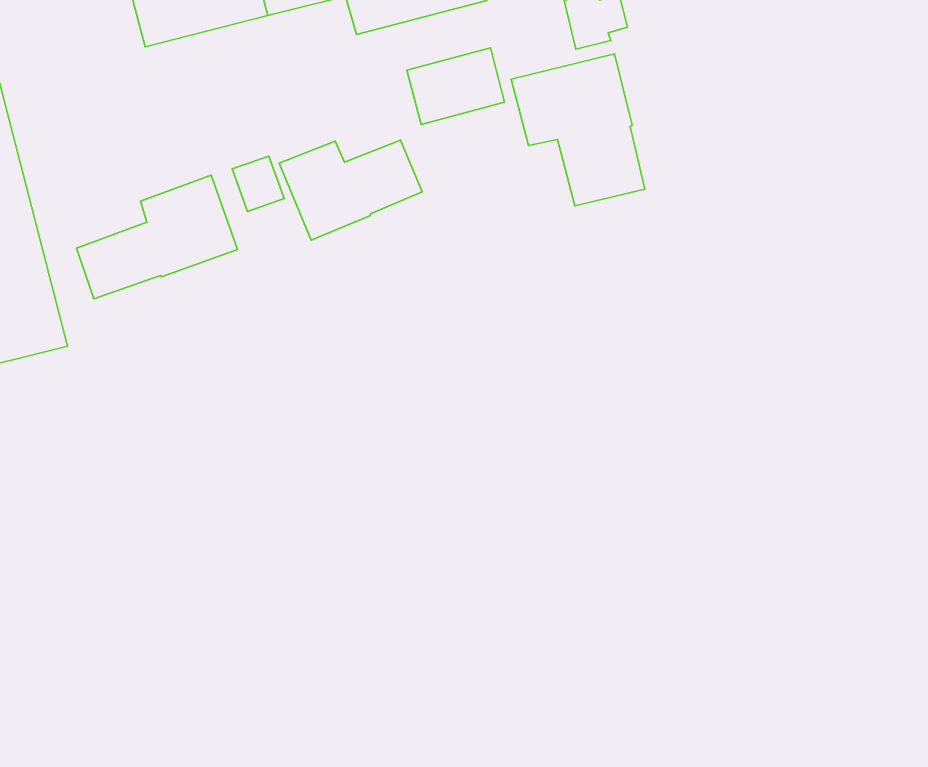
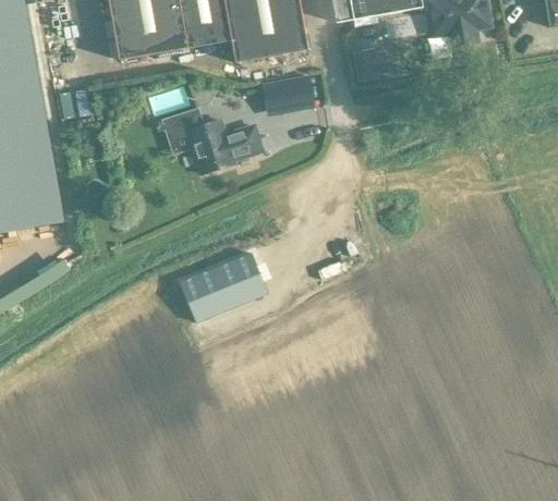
building: [511,54,645,206] -> none
building: [76,175,238,299] -> none
building: none -> [180,251,269,321]

